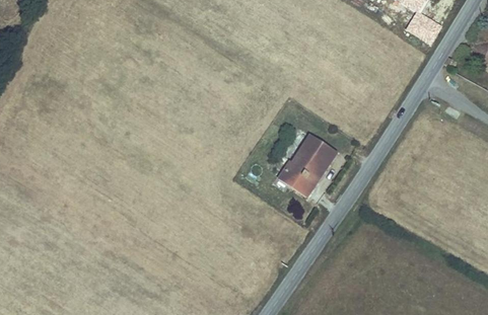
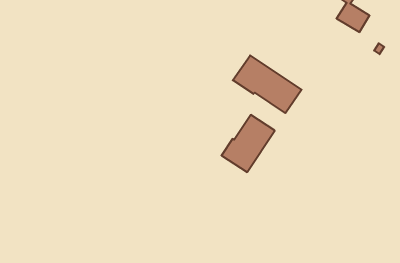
building: none -> [233,55,302,113]

